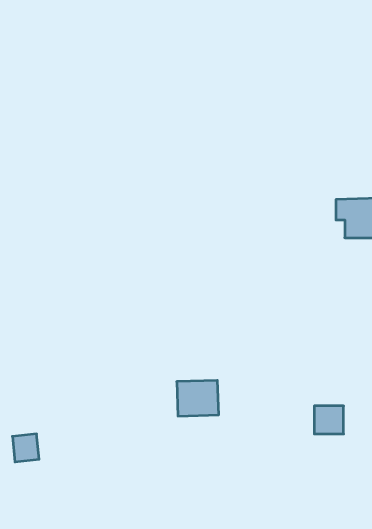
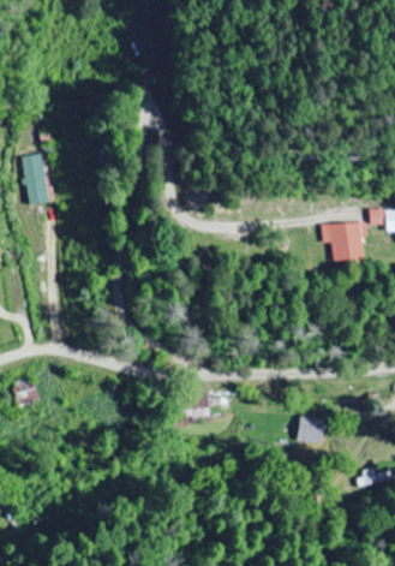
building: none -> [24,154,49,204]
building: [12,434,39,462] -> [13,379,38,405]

